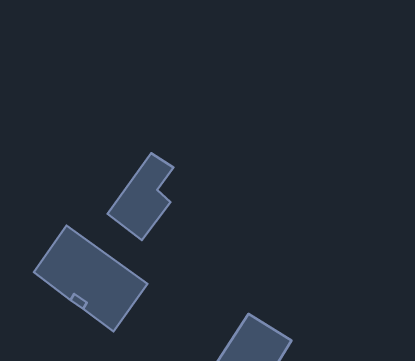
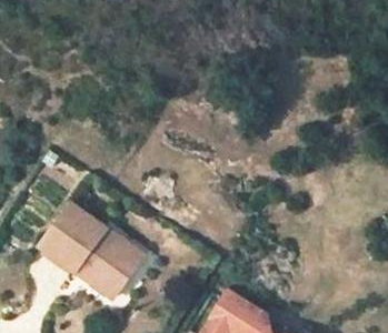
building: [108,153,173,240] -> none

